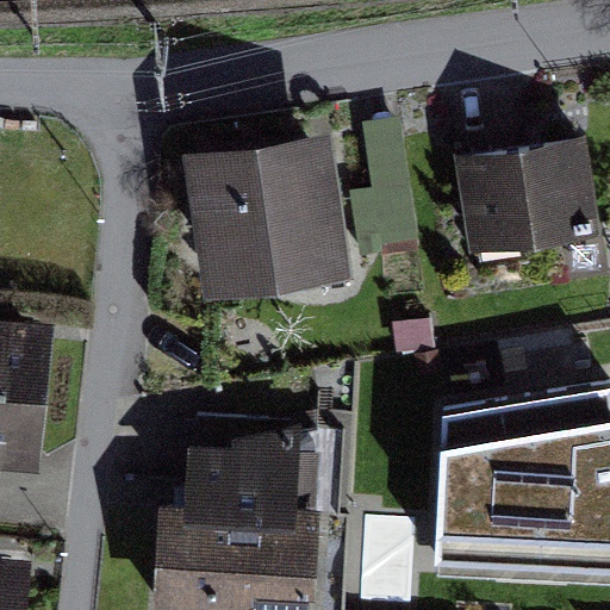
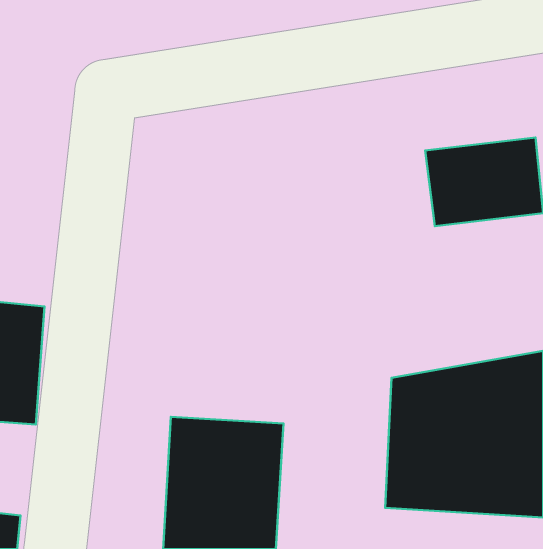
building: [197,149,349,300] -> none

